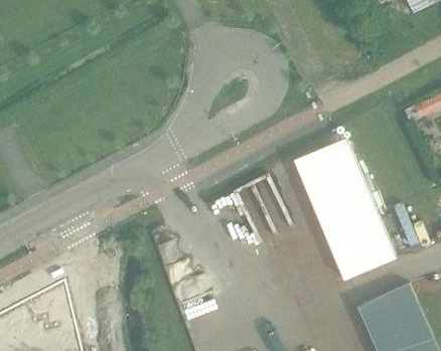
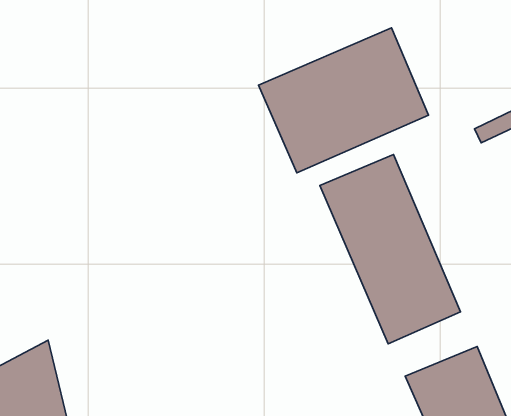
building: none -> [258,28,428,173]

